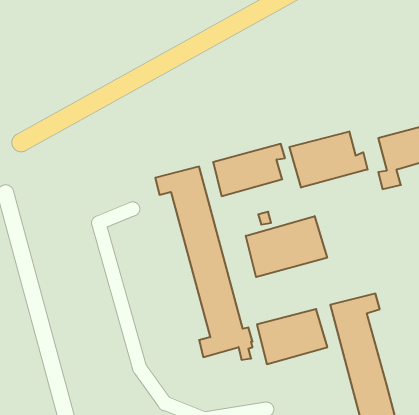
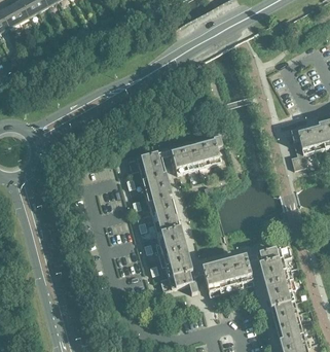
building: [289,131,368,188] -> none
building: [246,216,327,277] -> none

